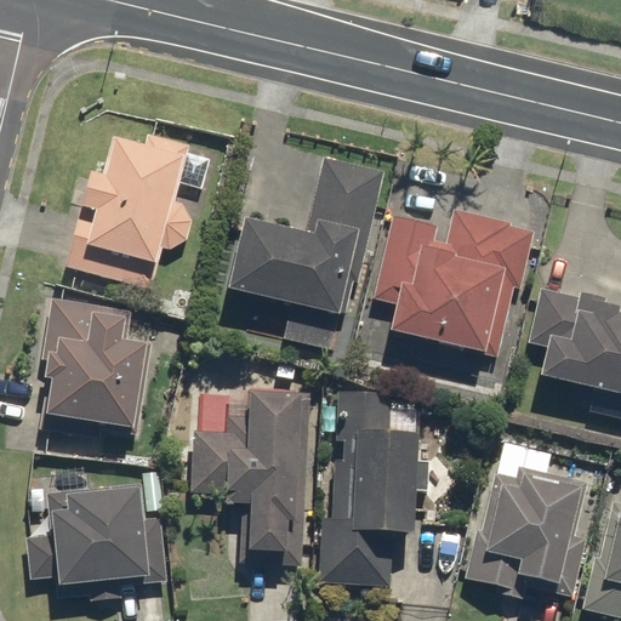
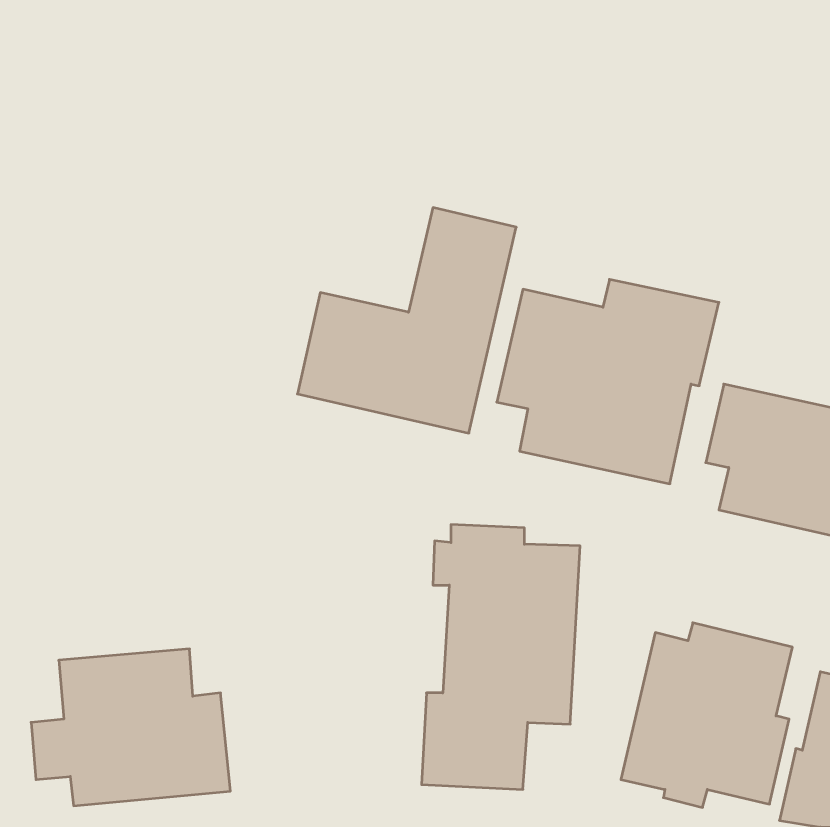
building: [65,131,195,289] -> none
building: [40,296,154,439] -> none
building: [190,387,313,564] -> none

